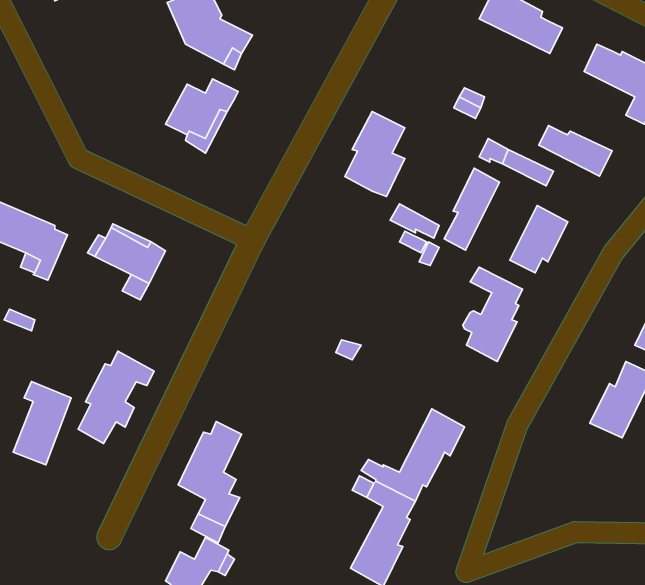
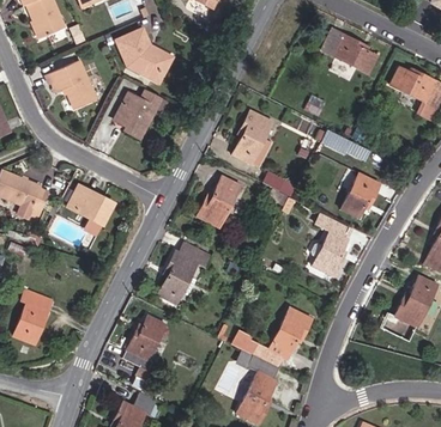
building: none -> [44,60,97,110]
building: [539,125,612,176] -> none
building: [444,168,500,250] -> none
building: none -> [197,177,241,227]
building: [78,351,154,444] -> [158,243,209,304]

